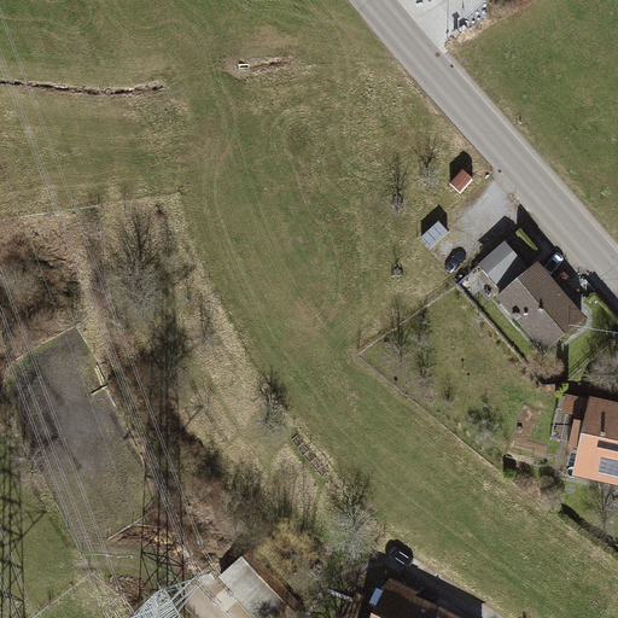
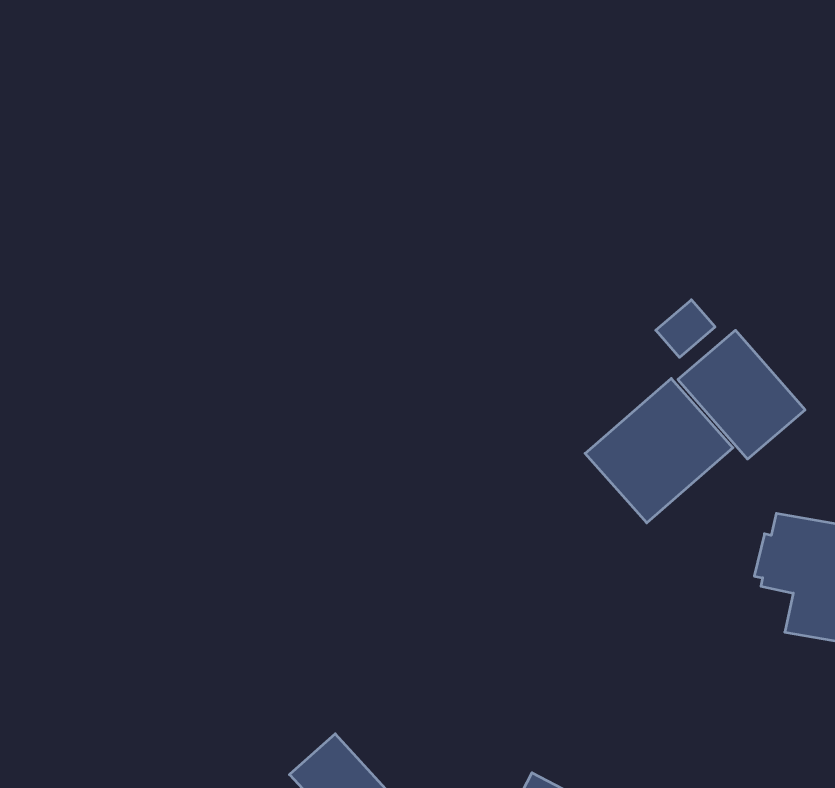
building: none -> [585,378,733,523]

